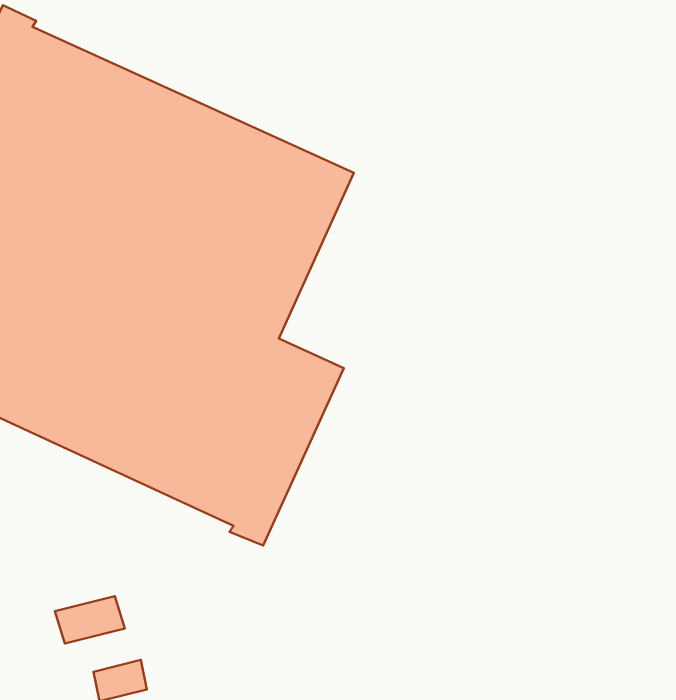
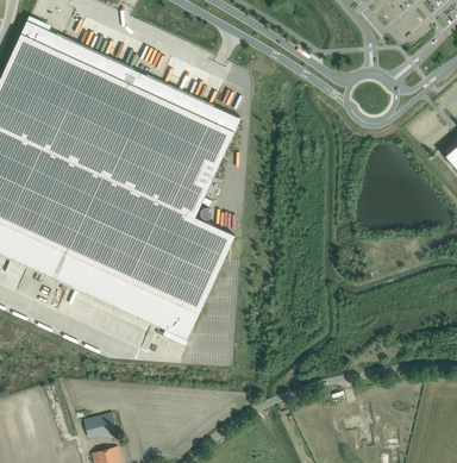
building: [55,596,125,643] -> none

